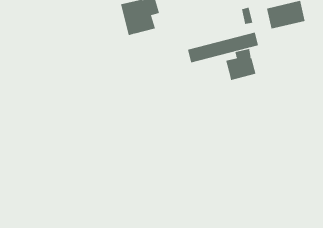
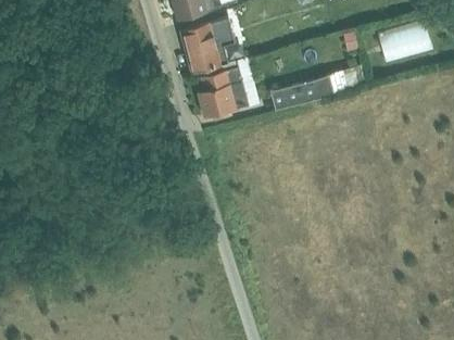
building: none -> [197,56,257,116]
building: [225,48,256,81] -> none

